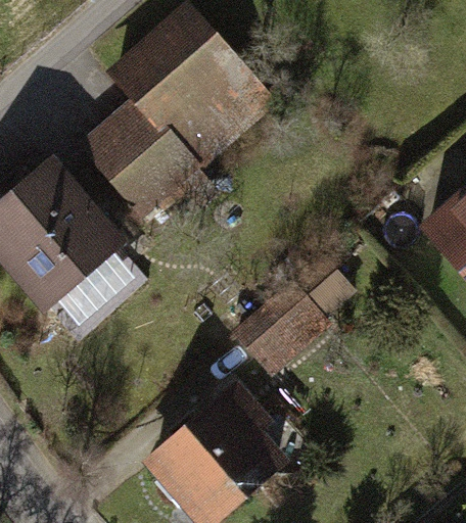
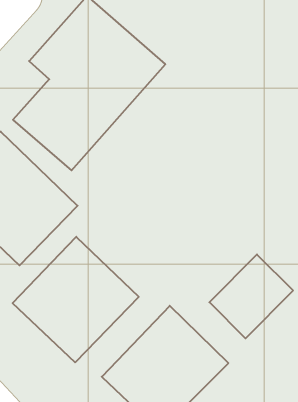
building: [227,277,328,375] -> [209,254,293,338]
building: none -> [13,237,139,362]

